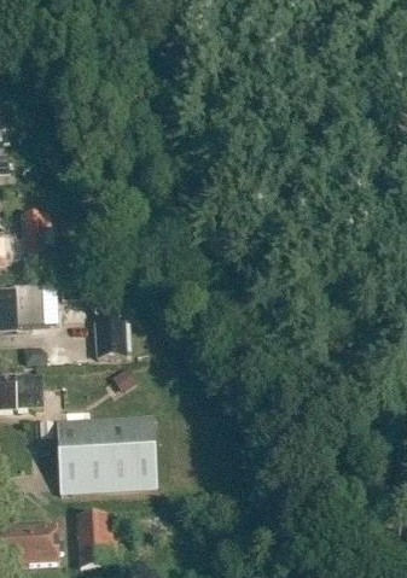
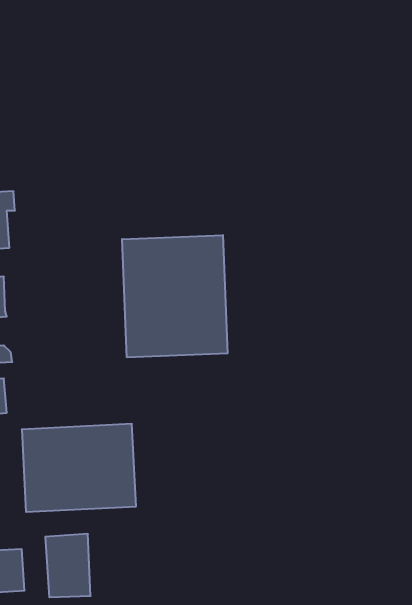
building: none -> [122,235,228,357]
building: [94,320,127,357] -> none

